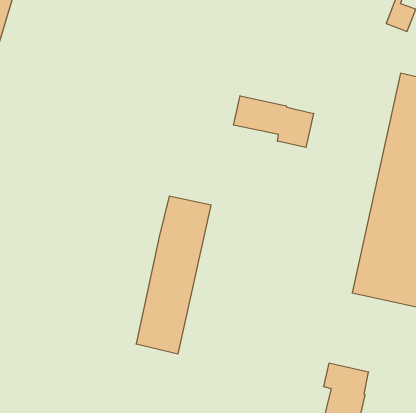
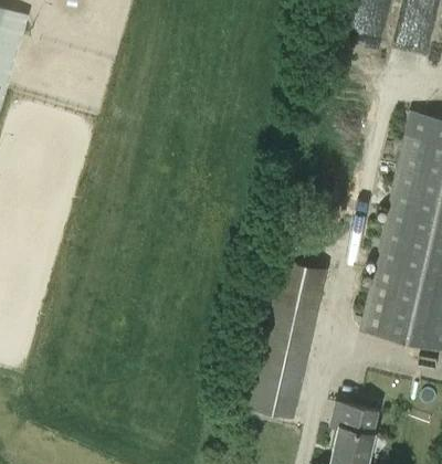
building: [234,96,314,147] -> none
building: [136,196,211,354] -> [251,261,326,419]

